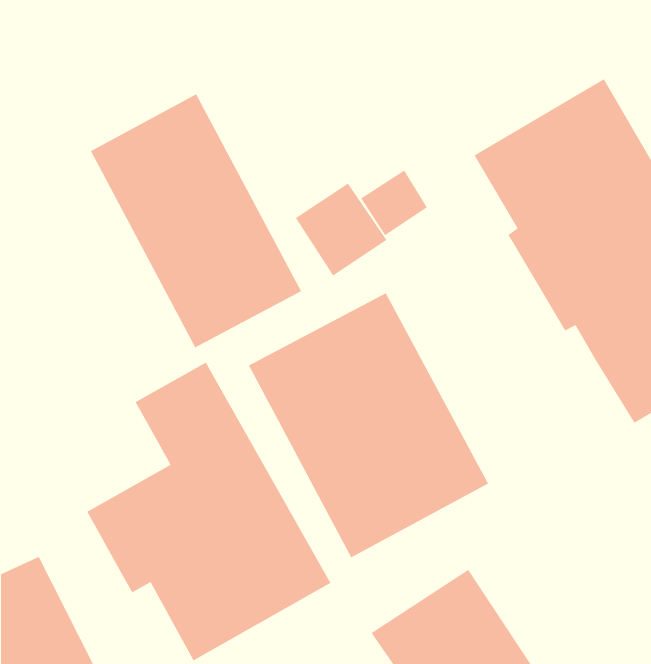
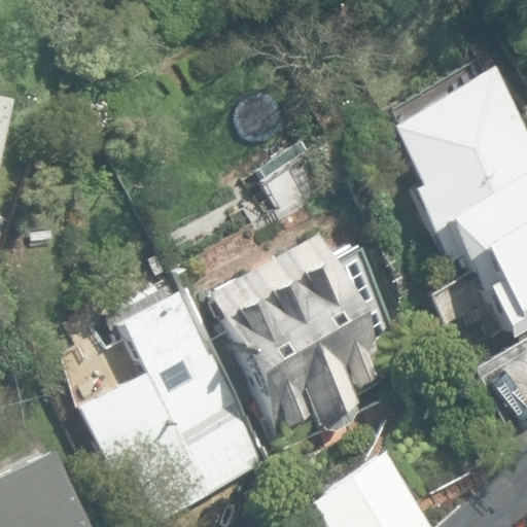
building: [90,93,302,348] -> none

